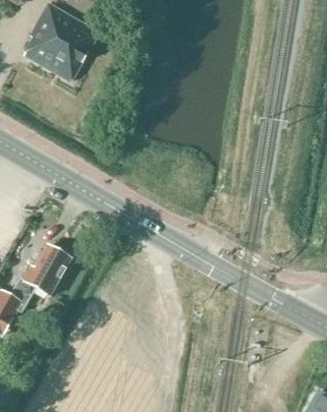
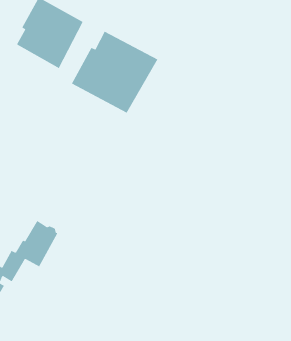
building: none -> [71,31,158,113]

